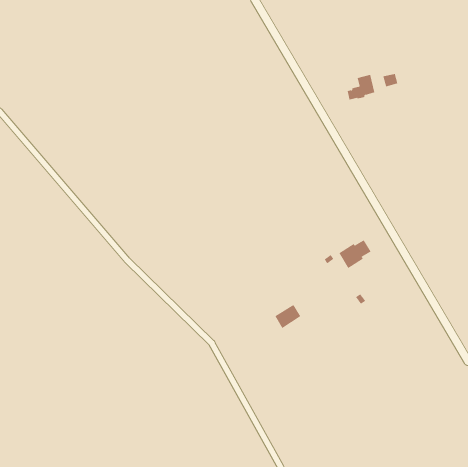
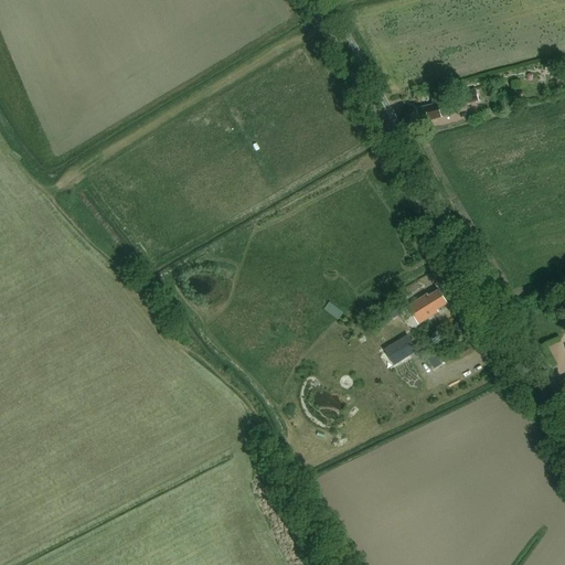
building: [274,304,301,329] -> [384,334,416,364]

